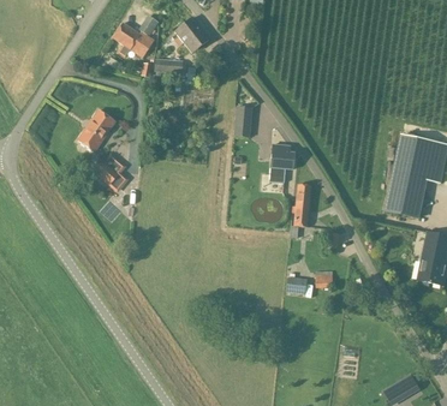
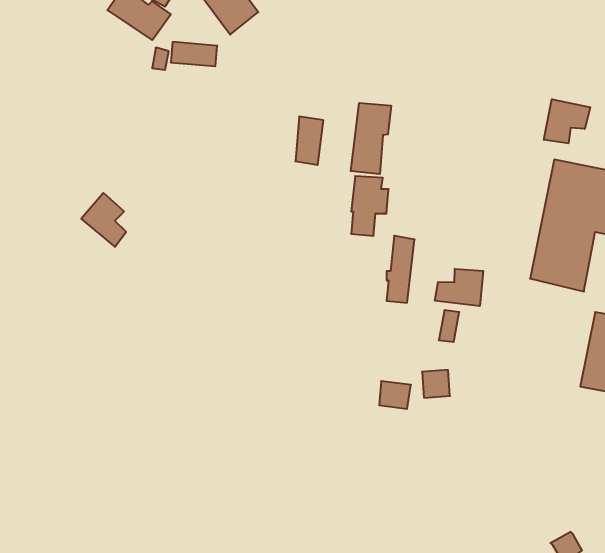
building: none -> [544,99,590,143]
building: none -> [351,103,391,174]
building: [78,109,114,150] -> none
building: none -> [435,269,483,306]

